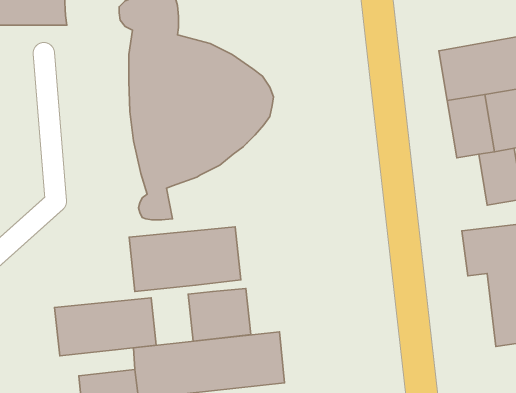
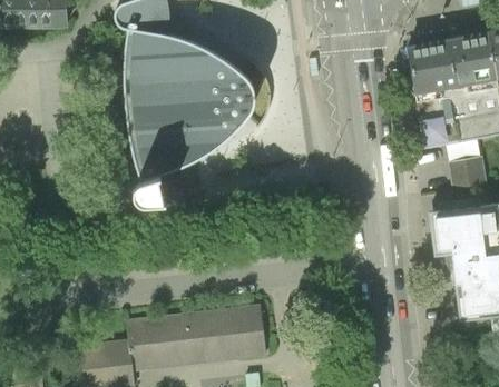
building: [129,227,241,292] -> none
building: [188,288,251,341] -> none
building: [55,298,156,356] -> none

